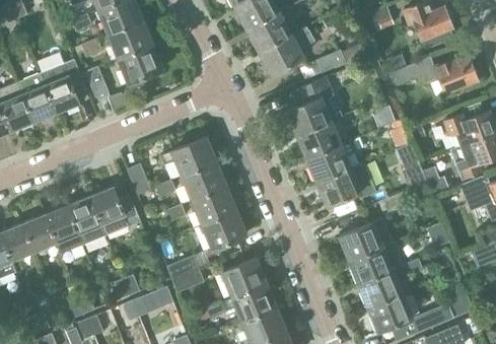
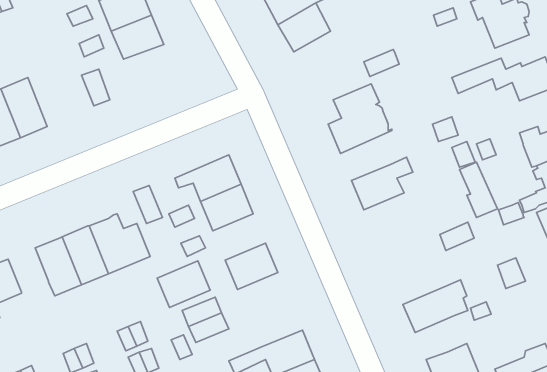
building: [259,26,315,75] -> none
building: [118,46,161,83] -> none
building: [39,59,85,114] -> none
building: [297,122,339,158] -> none
building: [316,162,376,207] -> none
building: [192,186,235,224] -> [157,261,210,307]
building: [22,214,56,252] -> none
building: [339,221,382,261] -> none
building: [220,257,266,296] -> none
building: [359,270,402,306] -> none

